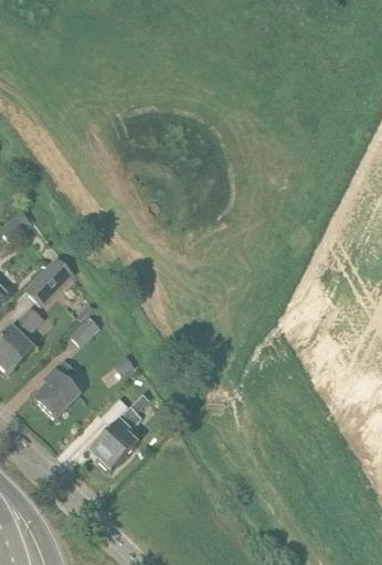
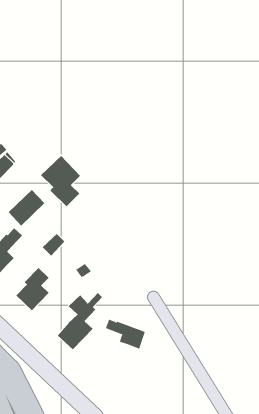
building: none -> [40,155,81,207]
building: none -> [105,319,145,350]

